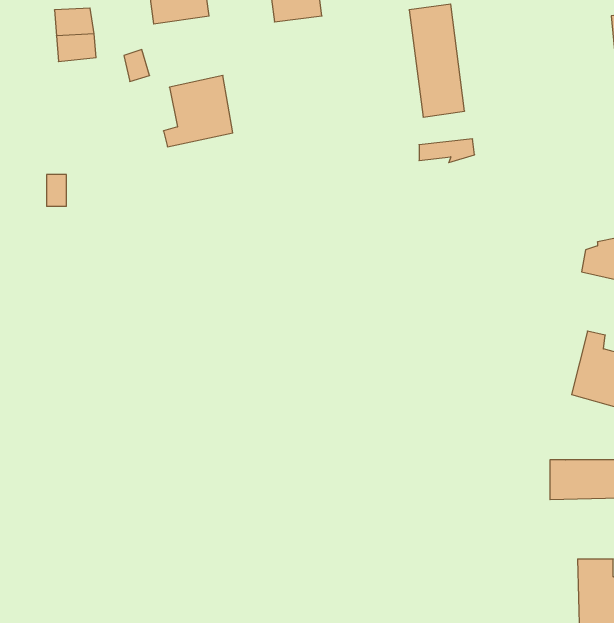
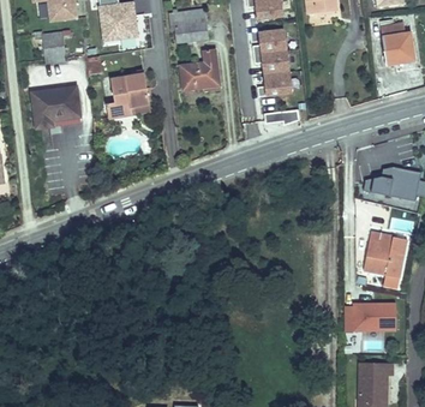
building: none -> [181,48,219,86]
building: none -> [36,89,84,130]

